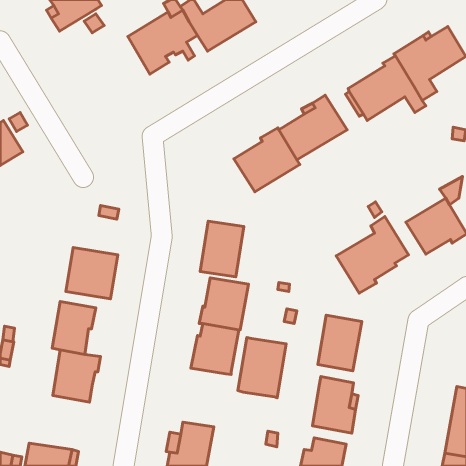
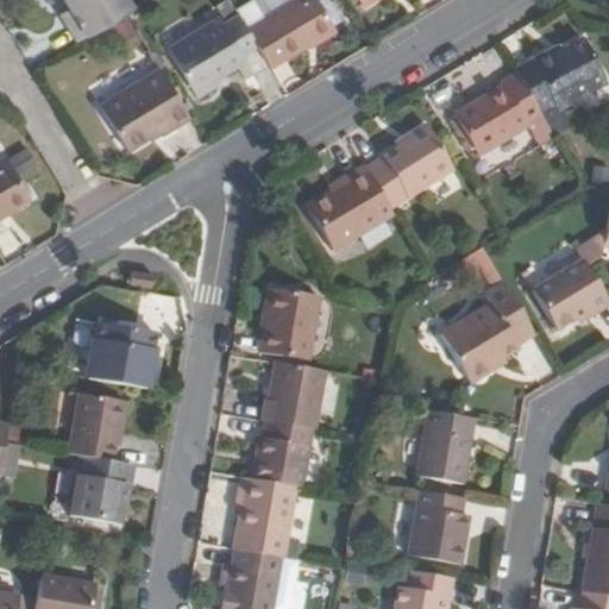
building: none -> [101,68,190,149]
building: [238,337,286,398] -> [232,478,295,557]

